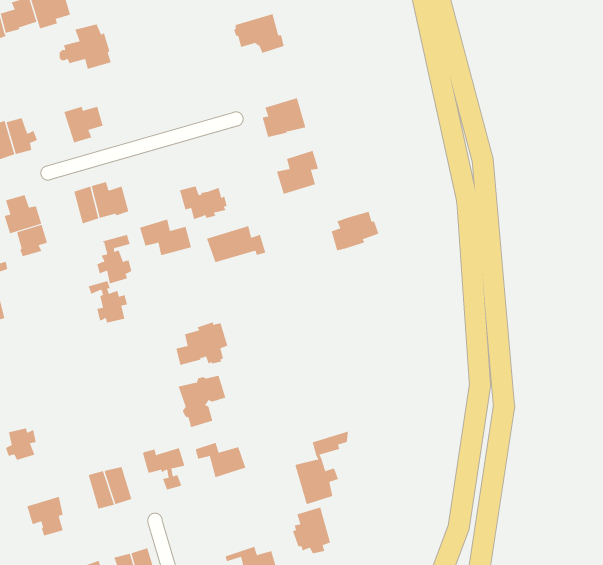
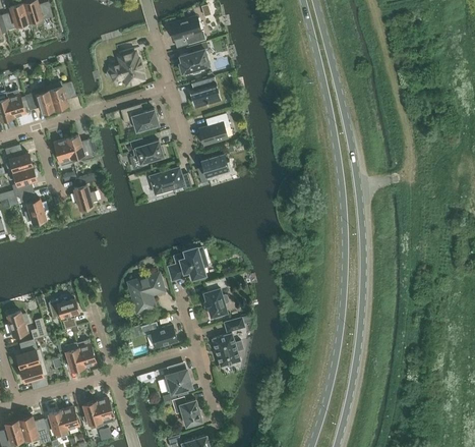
building: [59,24,112,70] -> [106,53,143,86]
building: none -> [178,42,209,75]
building: none -> [24,87,54,113]
building: [331,211,379,251] -> [196,155,231,183]
building: [139,219,192,256] -> [120,105,158,131]
building: [88,280,128,323] -> [18,192,47,223]
building: [175,321,228,366] -> [169,248,206,280]
building: none -> [202,278,228,319]
building: [142,447,185,490] -> [48,299,78,330]
building: none -> [16,339,44,369]
building: [292,507,331,554] -> [164,362,191,396]

